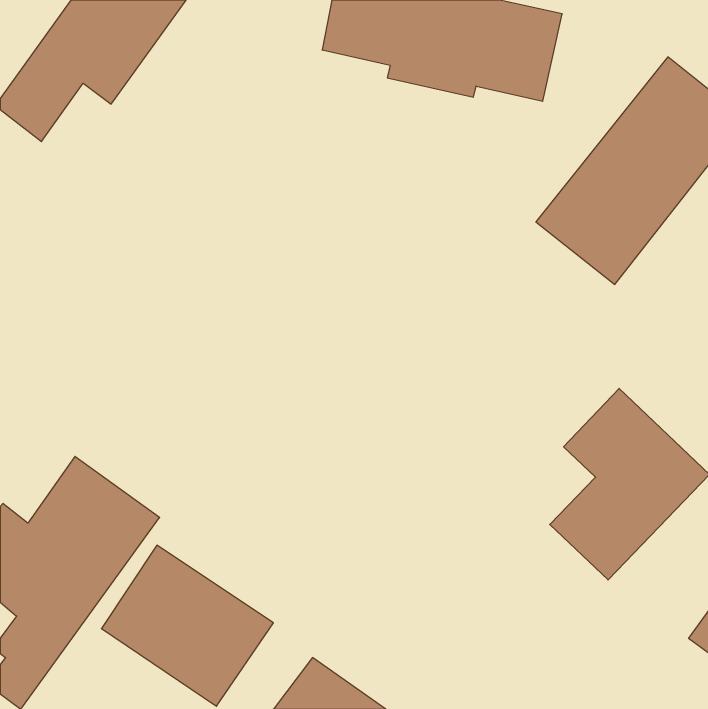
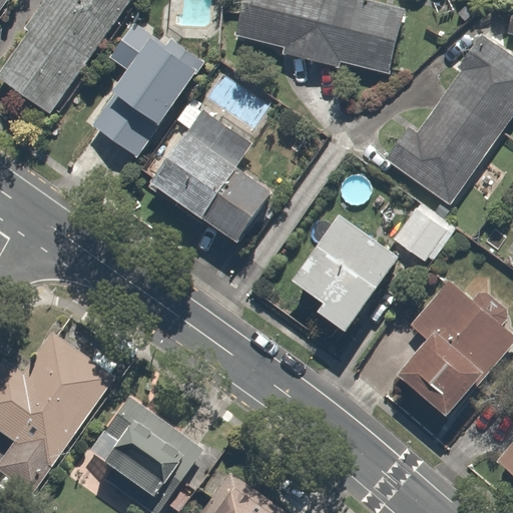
building: none -> [94,20,198,159]
building: none -> [145,95,274,244]
building: none -> [393,206,451,266]
building: none -> [294,215,402,334]

